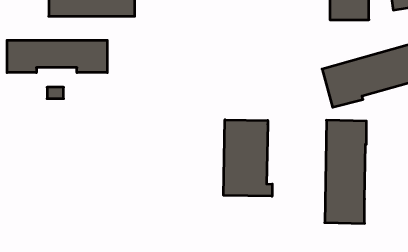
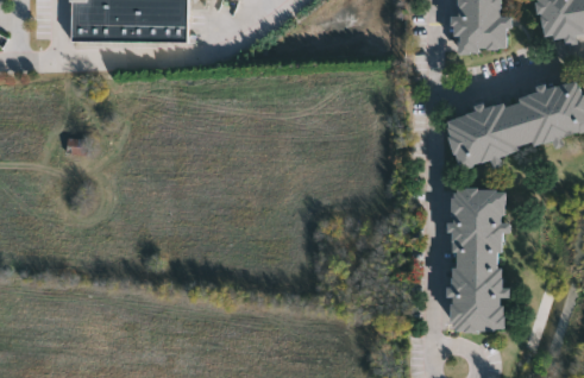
building: [7,40,107,73] -> none
building: [224,120,272,196] -> none

